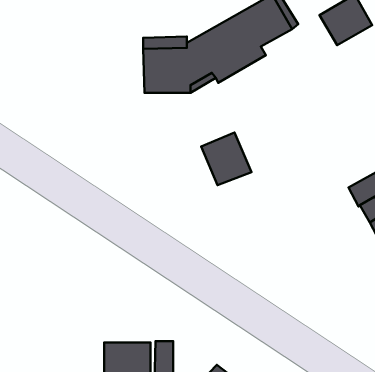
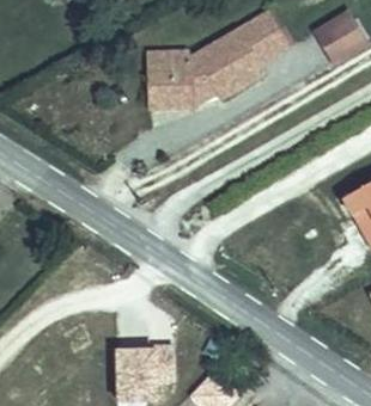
building: [201,132,252,185] -> none

